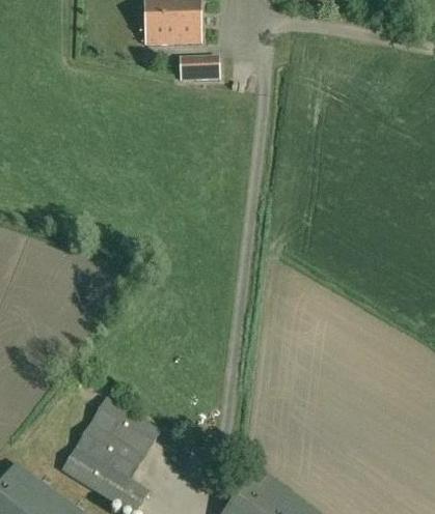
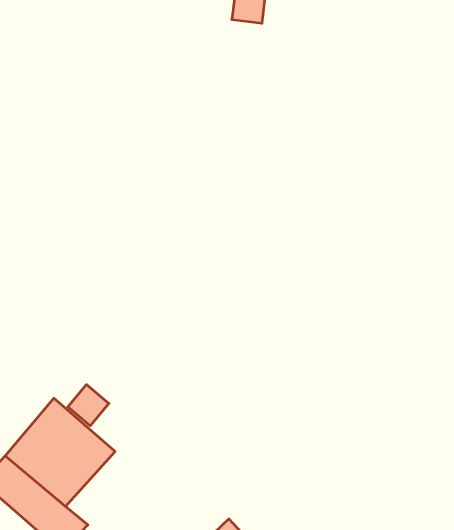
building: none -> [68,385,109,426]

